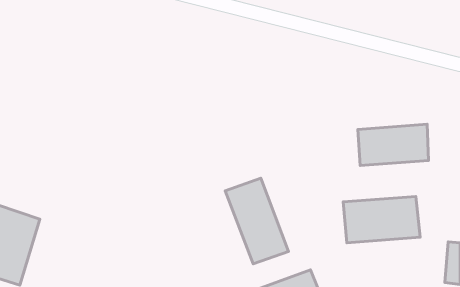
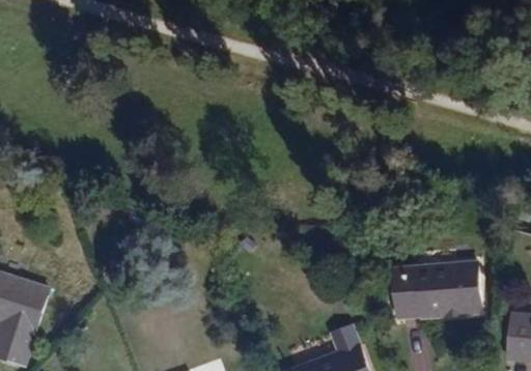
building: [358,124,429,166] -> none
building: [225,178,288,264] -> none

